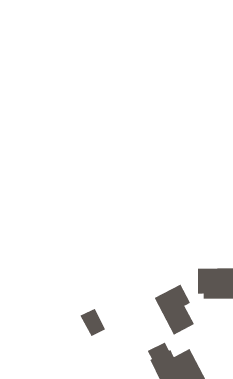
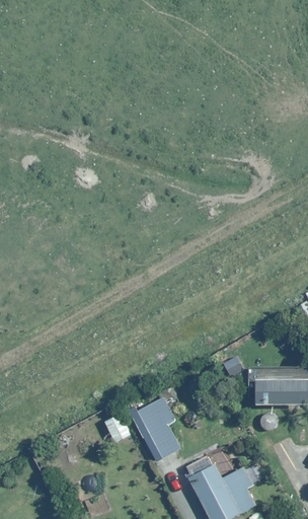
building: [154,284,195,336] -> [132,398,182,462]

